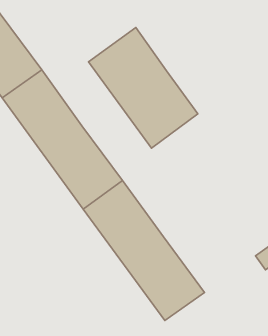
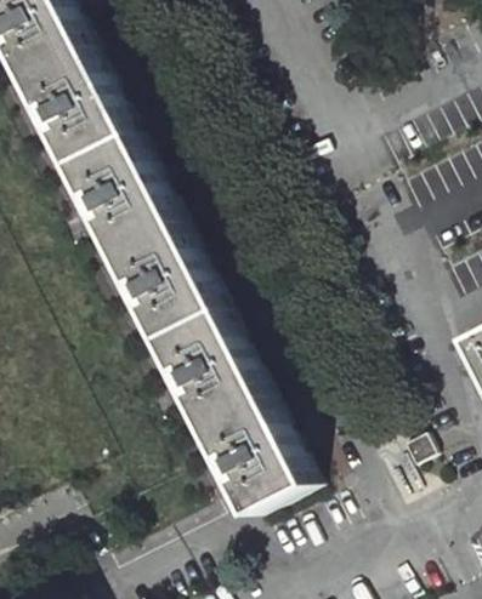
building: [89,28,198,148] -> none

